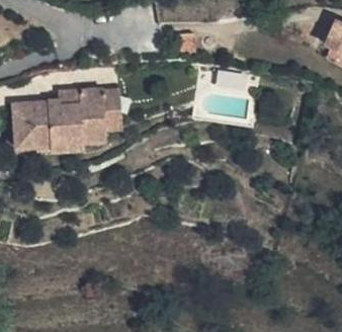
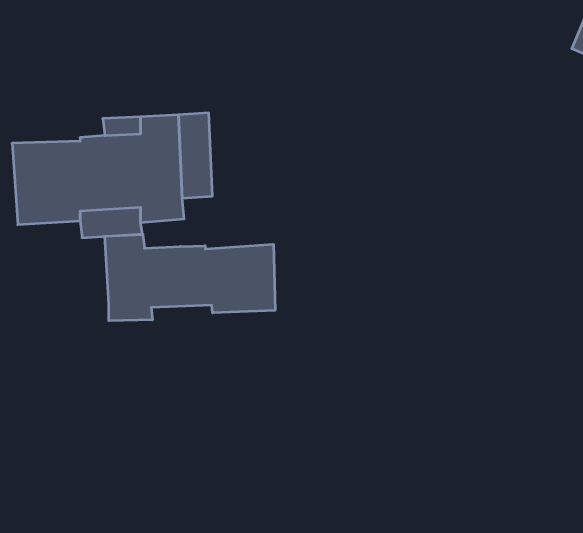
building: none -> [105,234,275,321]

